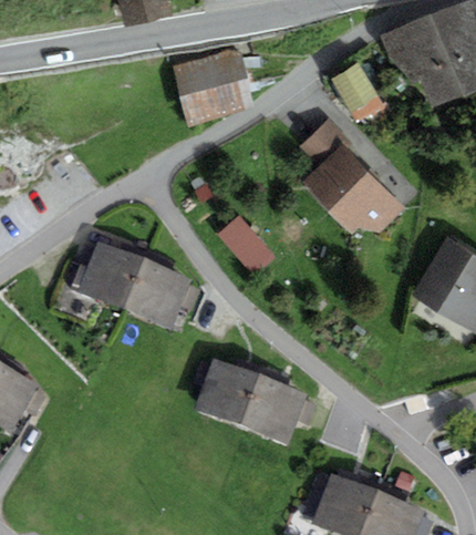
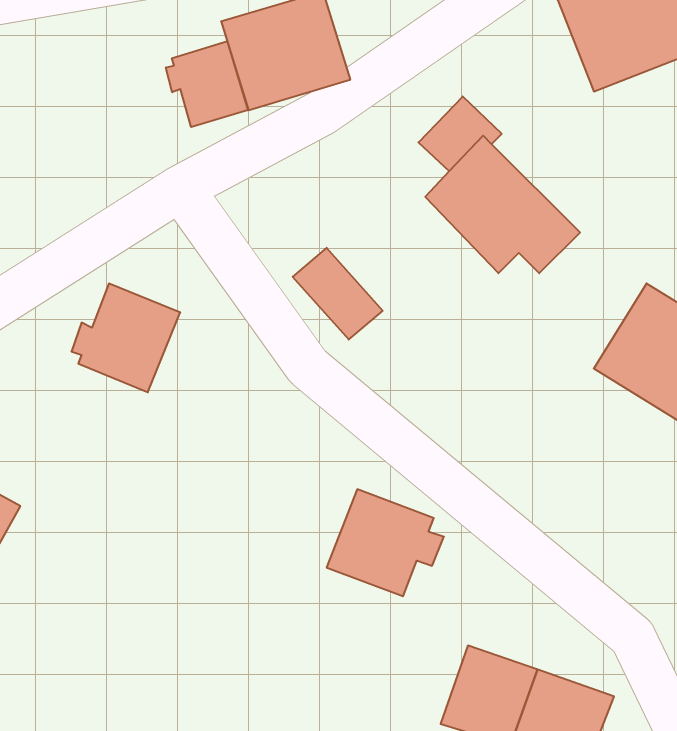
building: [330,63,383,123] -> none
building: none -> [166,41,248,127]
building: [123,258,192,329] -> none
building: [196,356,259,424] -> none

